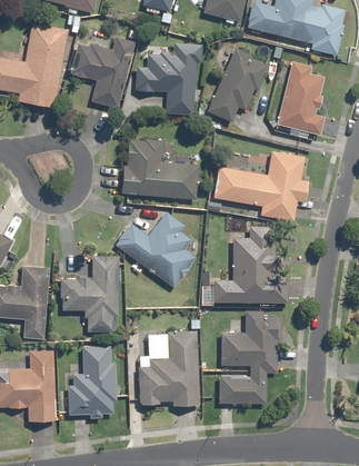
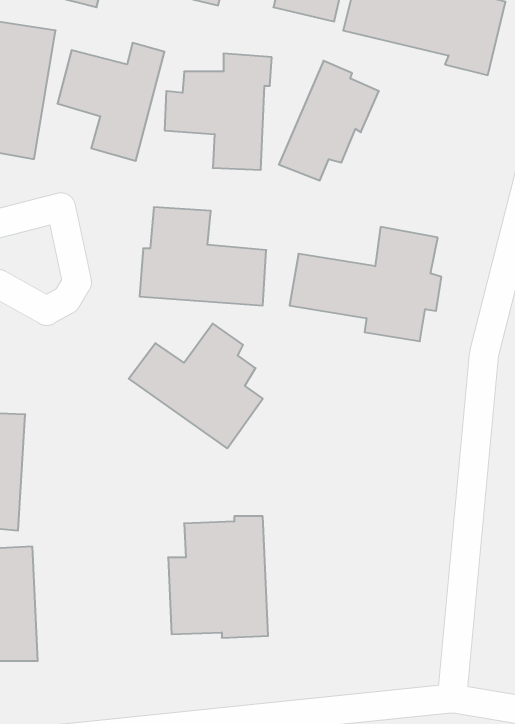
building: [276,60,326,135] -> none
building: [212,226,289,303] -> none
building: [59,255,119,331] -> none
building: [218,310,282,405] -> none
building: [67,345,118,419] -> none

